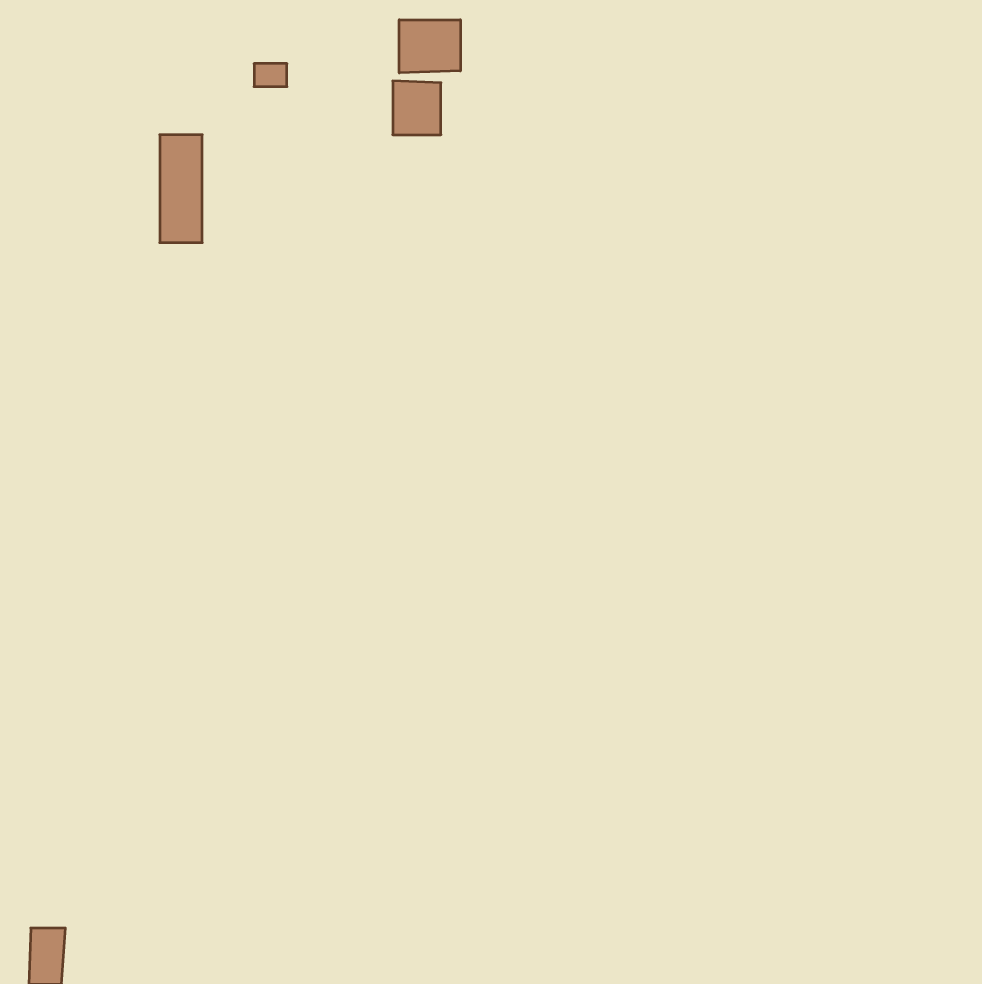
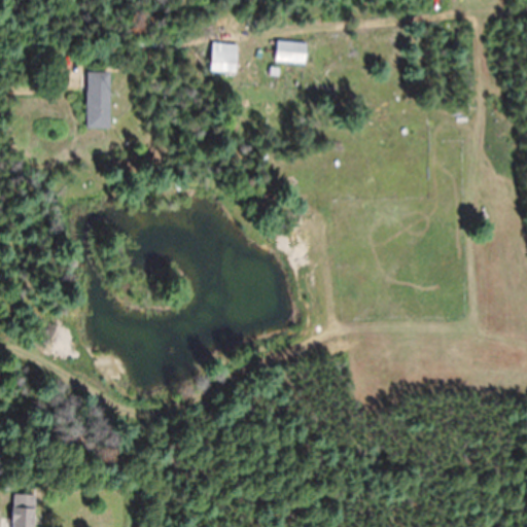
building: [399,20,460,73] -> none
building: none -> [275,42,306,64]

